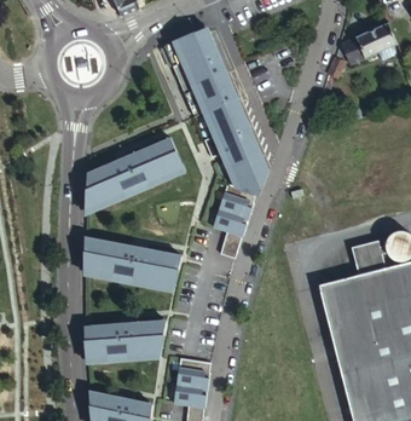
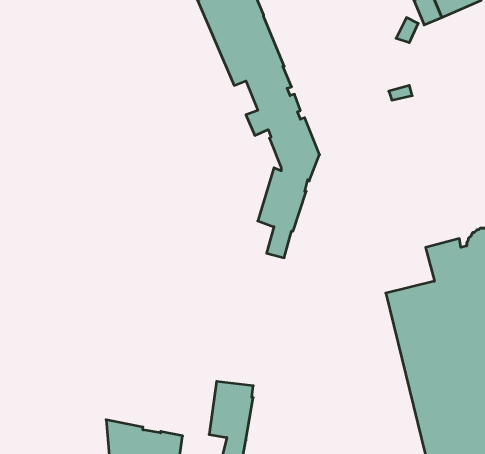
building: [85,137,183,209] -> none
building: [83,236,181,287] -> none
building: [83,319,166,358] -> none

